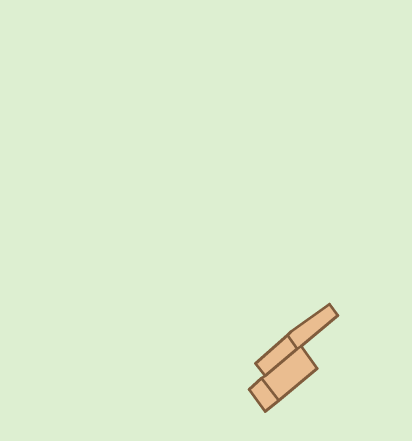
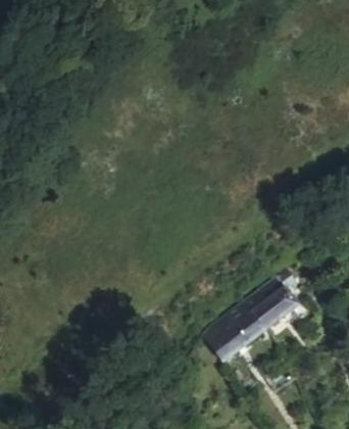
building: none -> [251,285,296,329]

